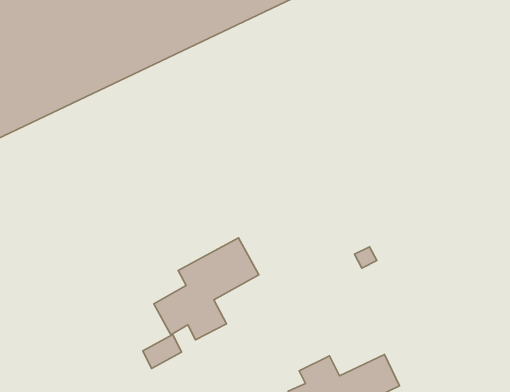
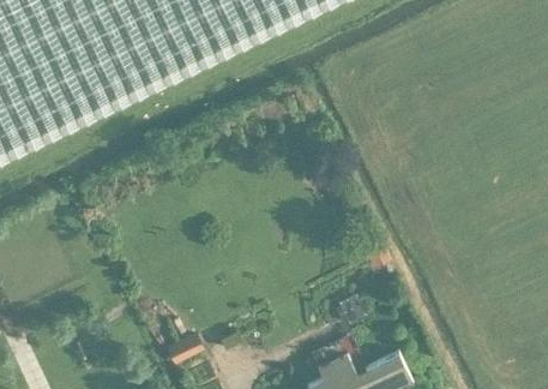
building: [154,238,259,340] -> none

